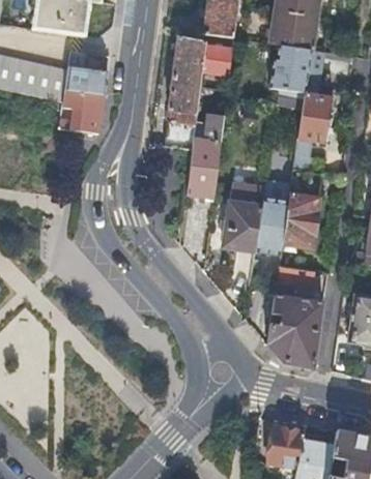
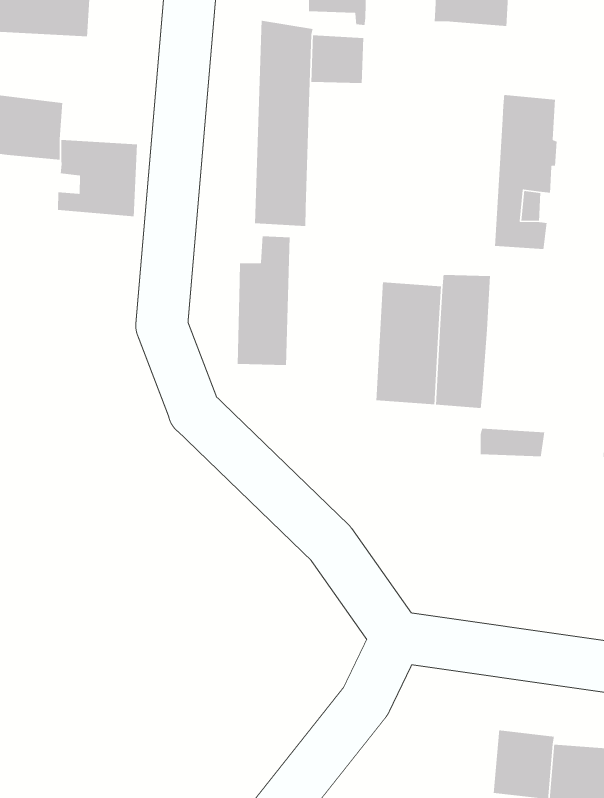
building: [270,44,312,99] -> none
building: [65,51,110,95] -> none
building: [189,124,224,196] -> [237,236,291,366]
building: [282,168,321,247] -> none
building: [266,295,322,368] -> none

